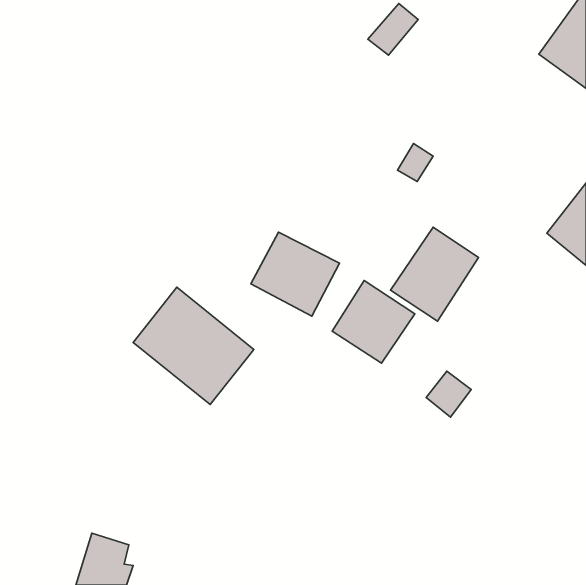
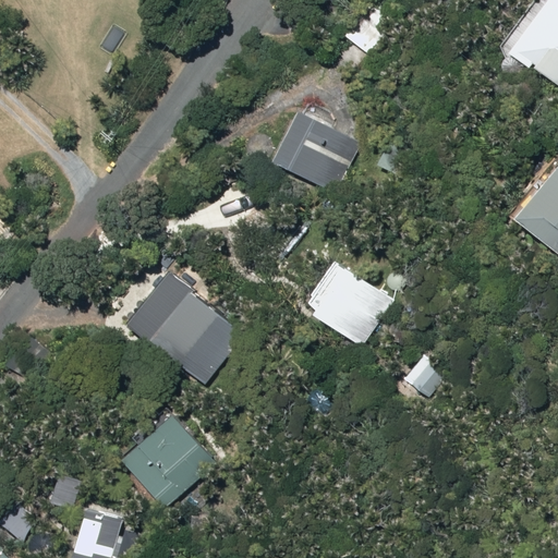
building: [390,227,479,321] -> none
building: [251,232,339,316] -> [274,113,357,193]
building: none -> [123,414,216,507]

